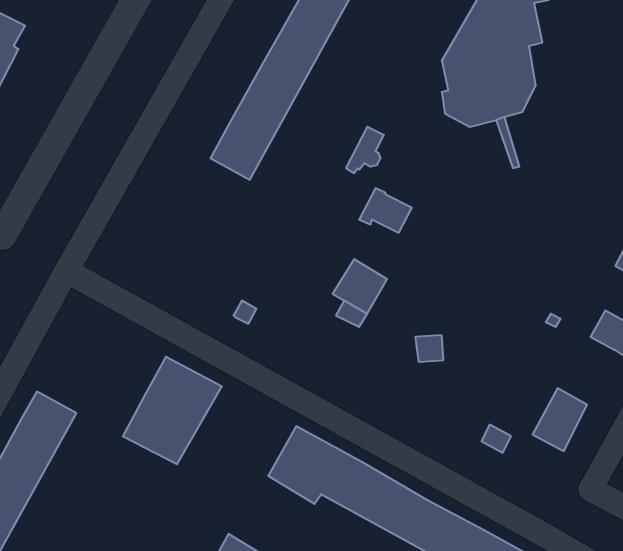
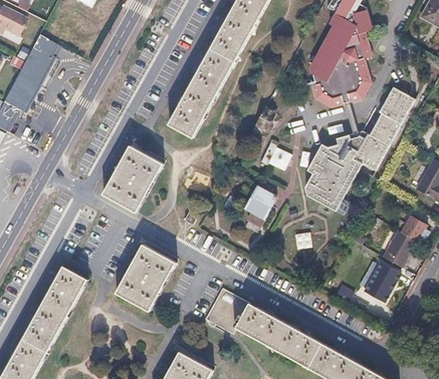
building: none -> [303,86,414,212]
building: none -> [102,145,163,213]
building: none -> [382,231,415,268]

